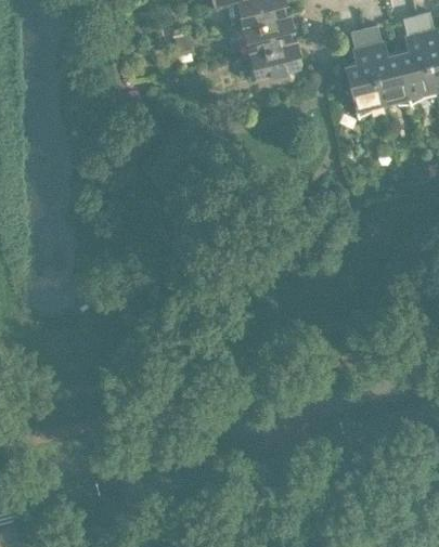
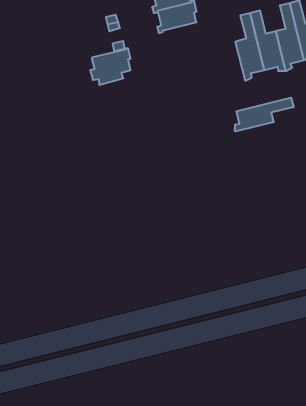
building: [247,38,300,86] -> [90,49,131,85]
building: none -> [235,98,294,132]

